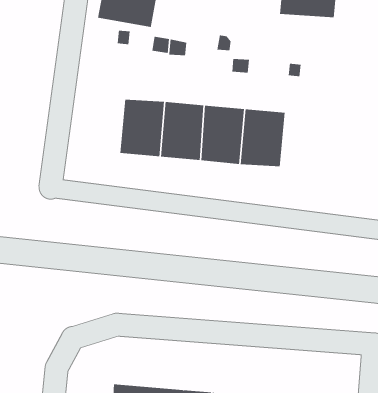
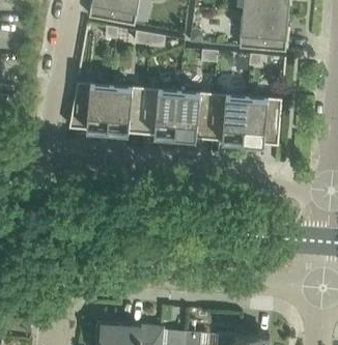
building: none -> [238,13,288,52]
building: none -> [68,82,111,131]
building: none -> [243,96,281,145]

